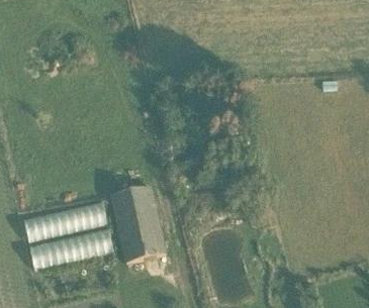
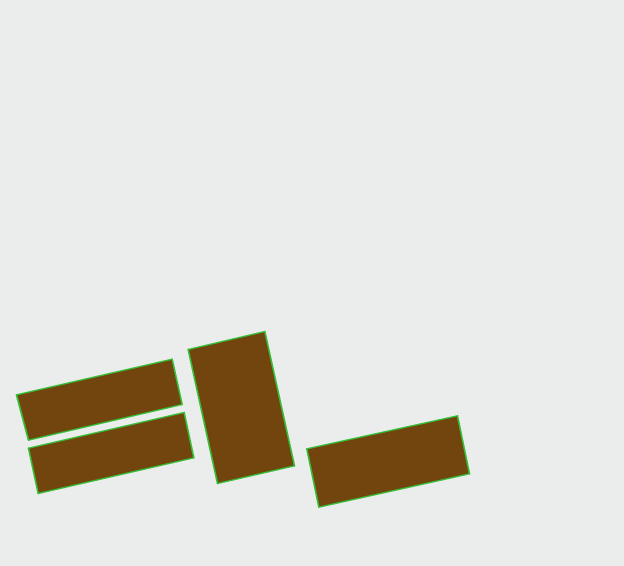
building: none -> [307,416,469,507]

